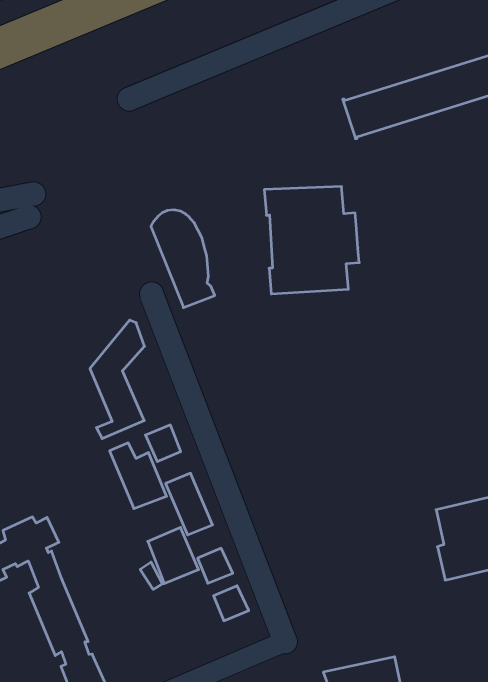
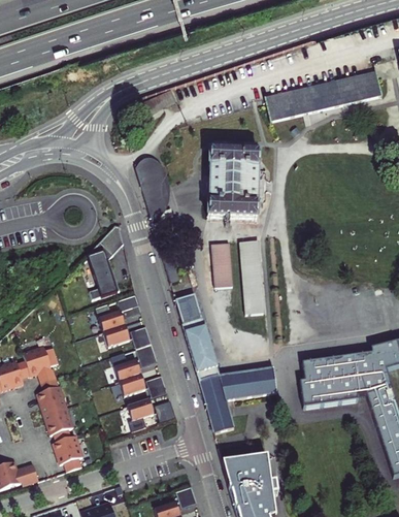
building: none -> [239,240,263,314]
building: none -> [211,243,231,287]
building: none -> [174,290,275,431]
building: none -> [128,398,155,422]

